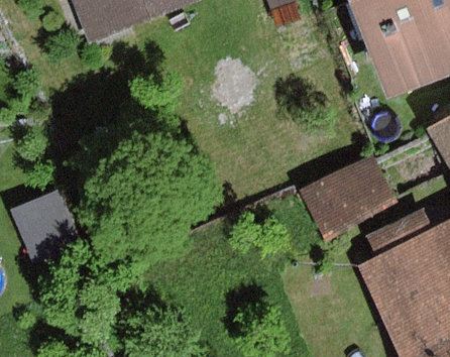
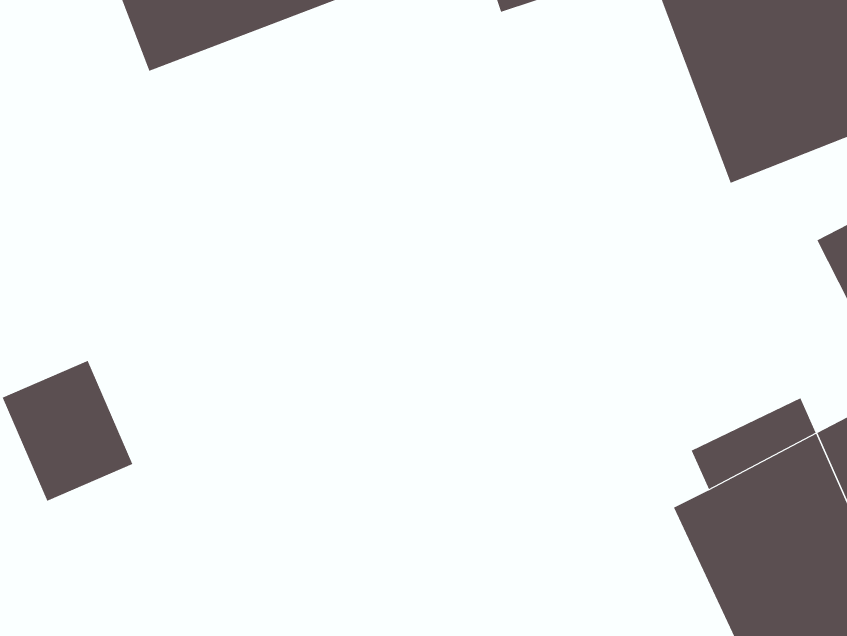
building: [300,154,396,238] -> none

